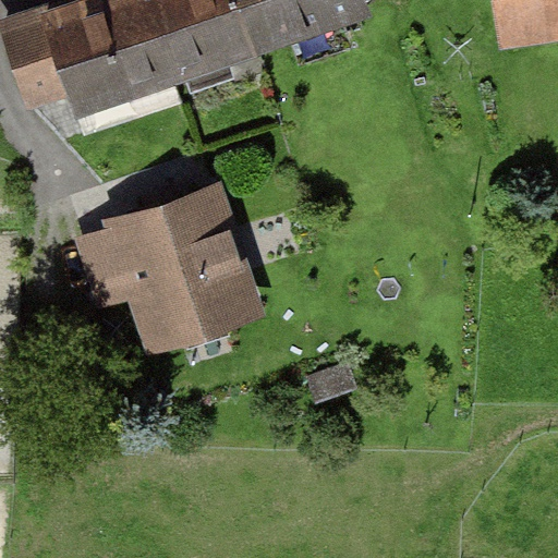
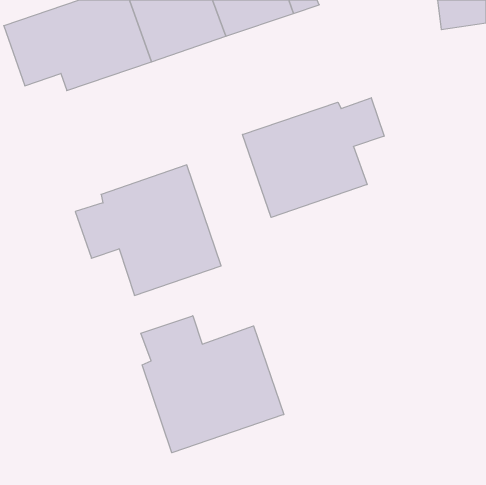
building: none -> [243,98,384,217]
building: none -> [141,316,284,453]

